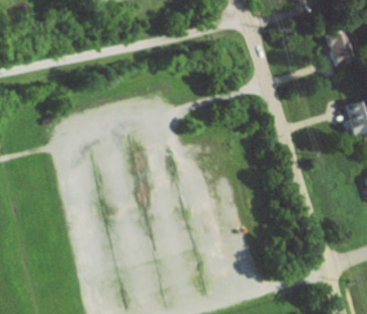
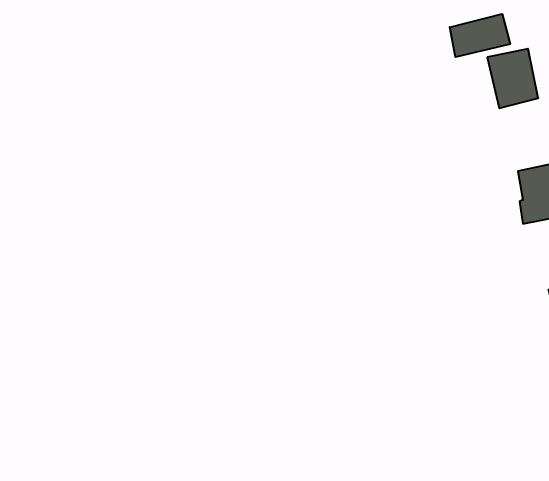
building: none -> [450,14,510,57]

